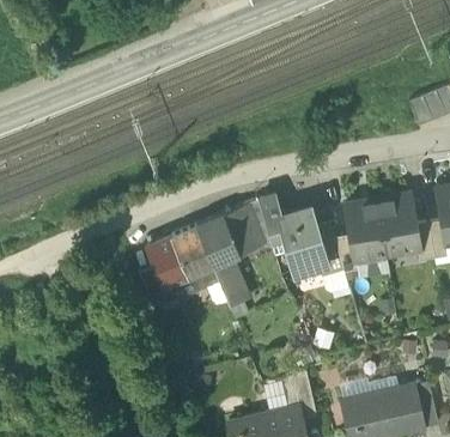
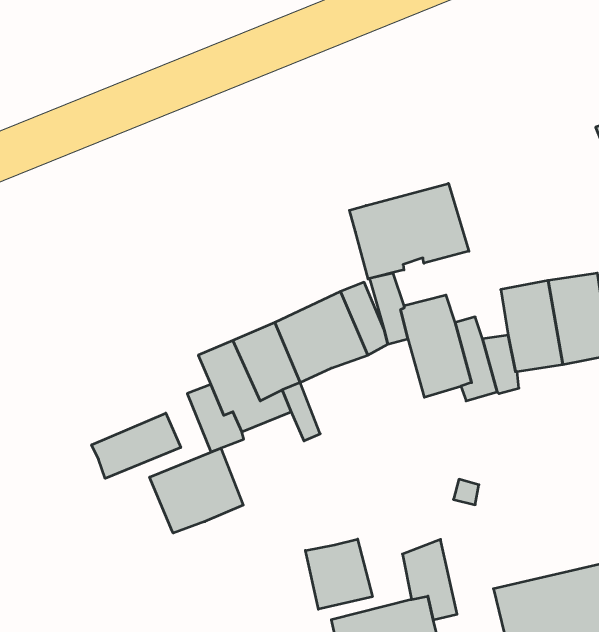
building: none -> [349,183,469,279]
building: [213,256,249,306] -> none
building: none -> [92,413,181,478]
building: none -> [150,448,243,533]
building: none -> [305,539,372,609]

